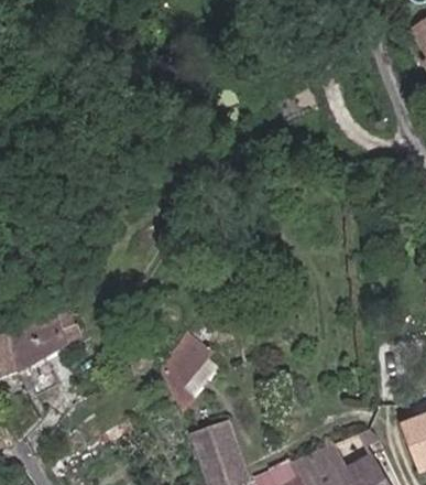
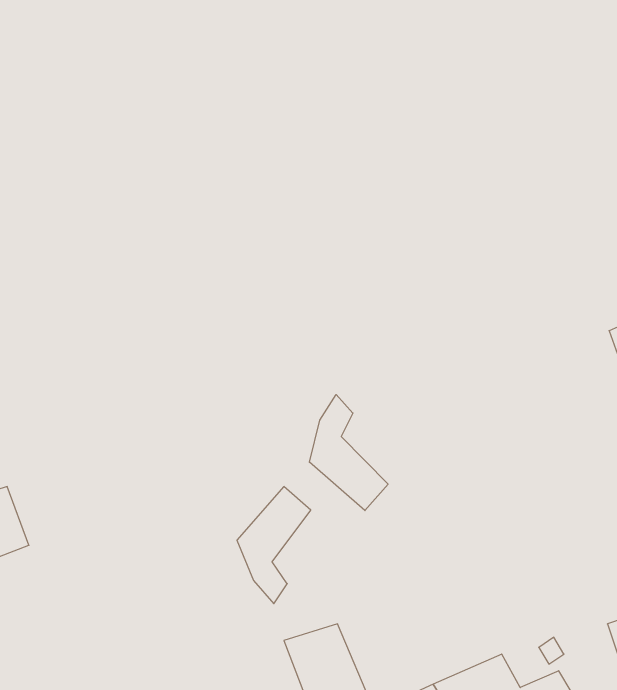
building: none -> [309,395,388,511]
building: [10,310,77,370] -> none

